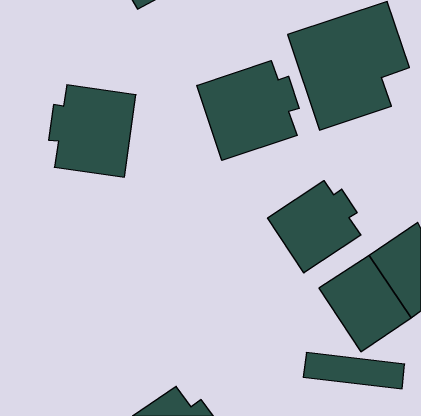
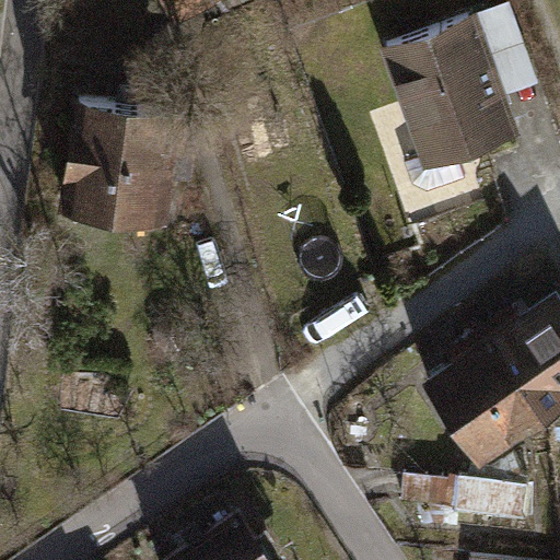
building: [197,61,299,160] -> none
building: [268,181,361,273] -> none

